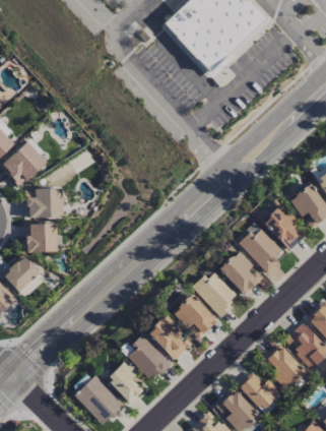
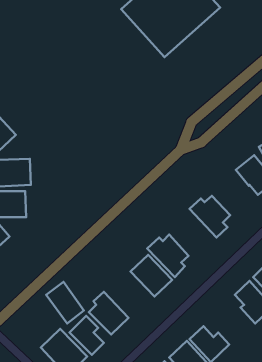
building: [262,205,308,251] -> none
building: [219,250,263,296] -> none
building: [149,315,191,361] -> [46,282,84,323]
building: [262,345,306,389] -> none

